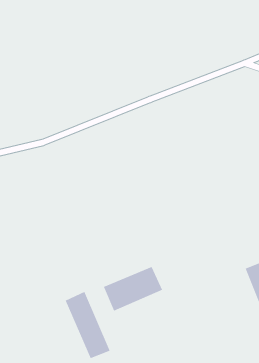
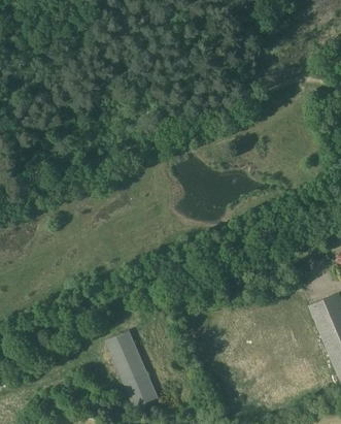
building: [103,266,163,311] -> none

